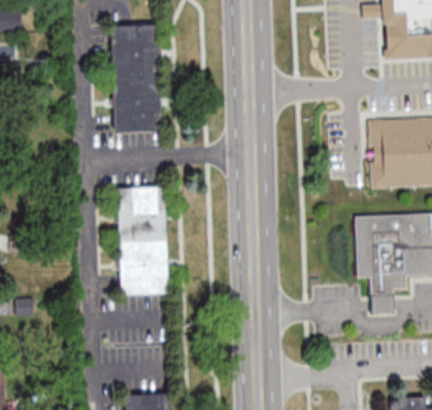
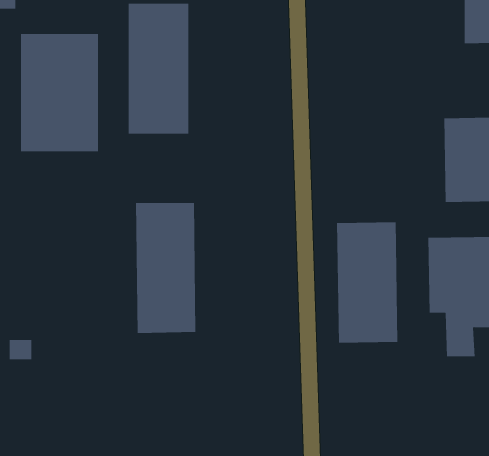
building: none -> [20,33,98,152]
building: none -> [337,221,398,343]

